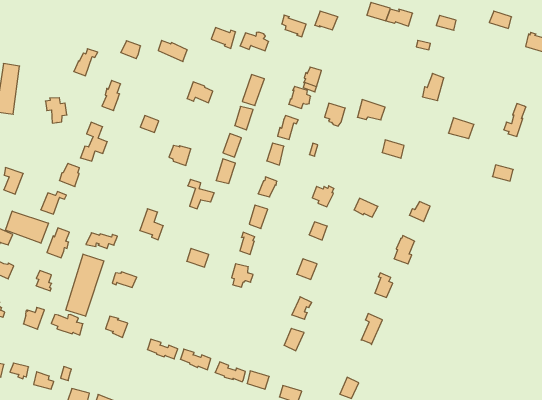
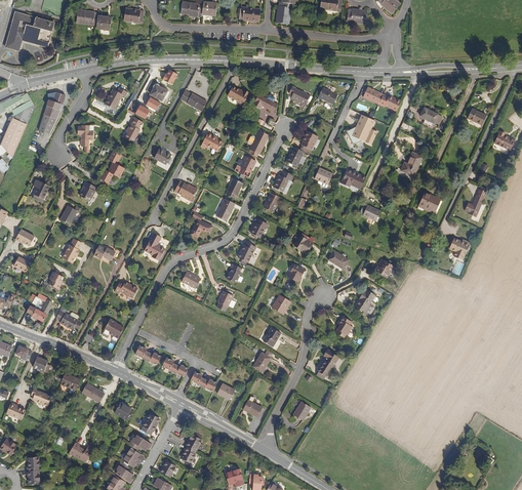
building: none -> [347,112,377,142]
building: [6,211,48,243] -> none
building: [66,254,104,316] -> none

